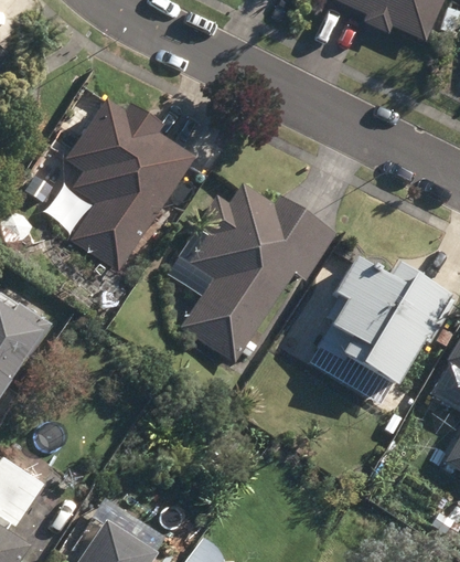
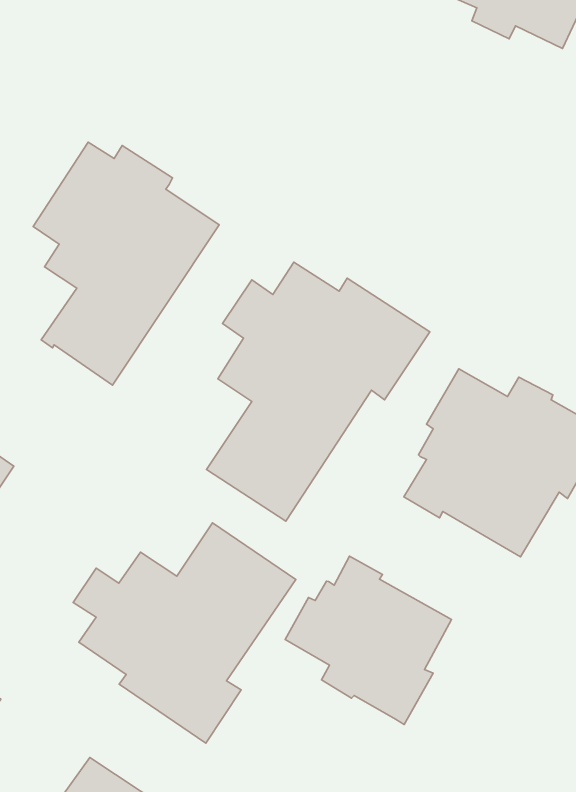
building: none -> [73,523,296,743]
building: none -> [285,556,451,724]

